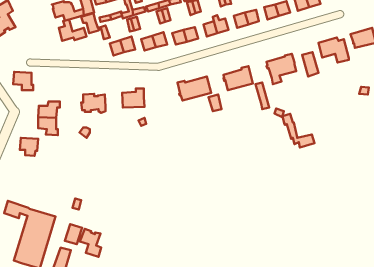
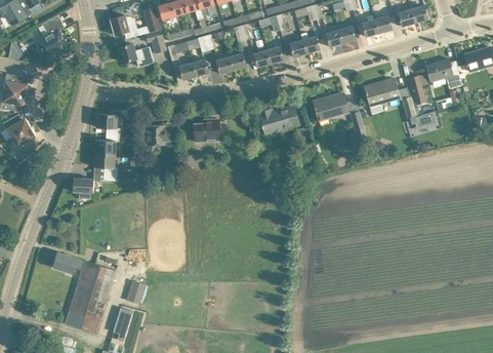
building: [13,72,33,90] -> [95,113,119,134]
building: [282,114,314,147] -> [397,87,435,127]
building: [80,229,101,257] -> none

